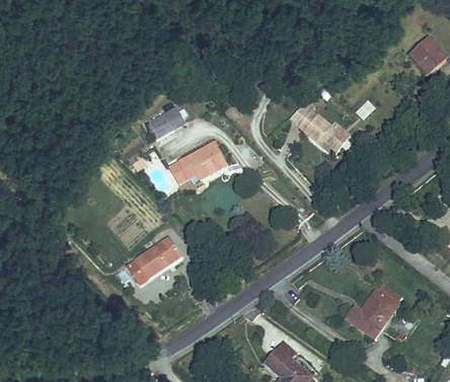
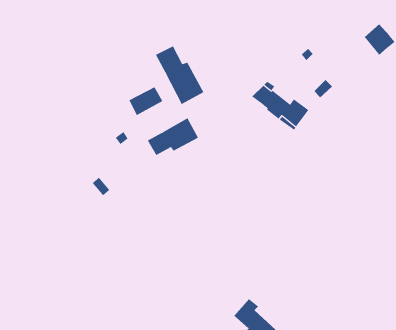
building: none -> [155,46,204,105]
building: [127,237,182,286] -> none
building: [347,284,401,339] -> none

